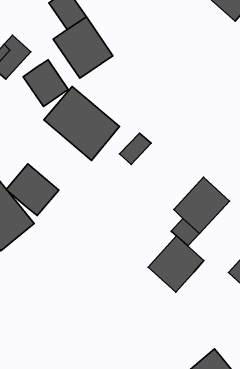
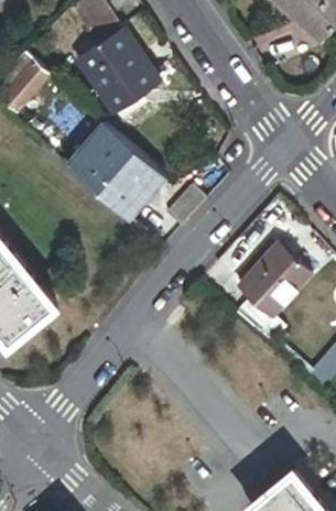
building: [23,60,68,107] -> none
building: [6,164,59,215] -> none
building: [148,236,204,292] -> none

